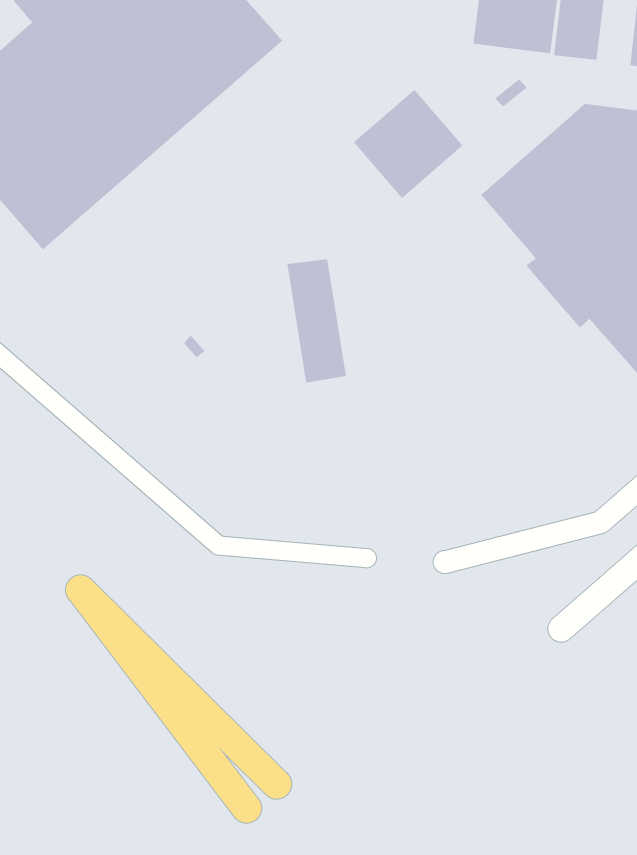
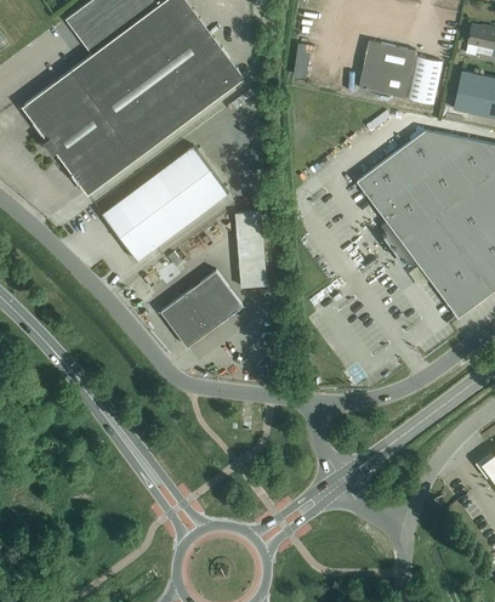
building: [353,89,464,199] -> none
building: none -> [102,146,228,261]
building: none -> [161,271,243,347]

